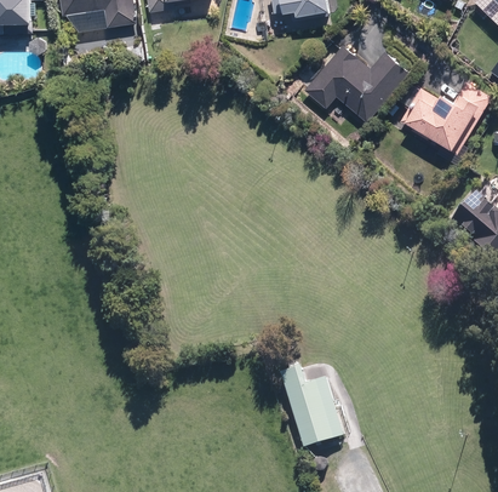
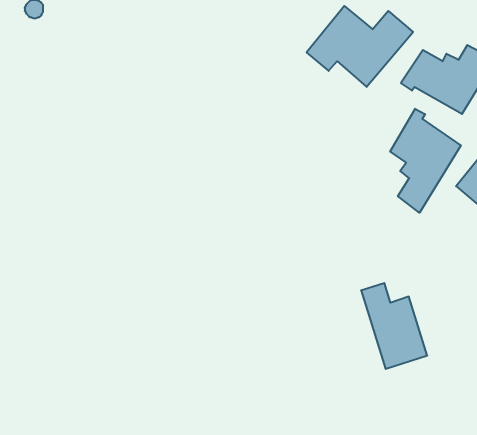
building: none -> [390,109,461,213]
building: [281,362,347,447] -> [361,283,427,369]

